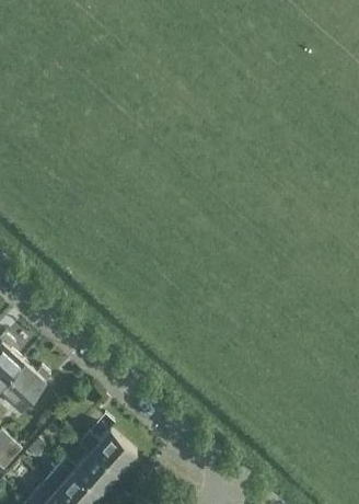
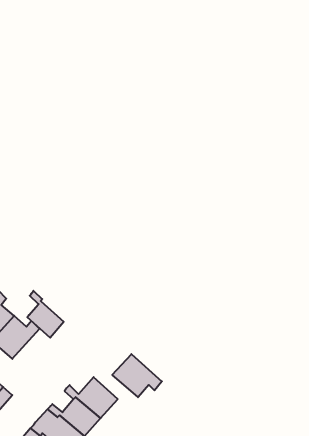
building: none -> [27,291,64,338]
building: none -> [112,354,162,397]

